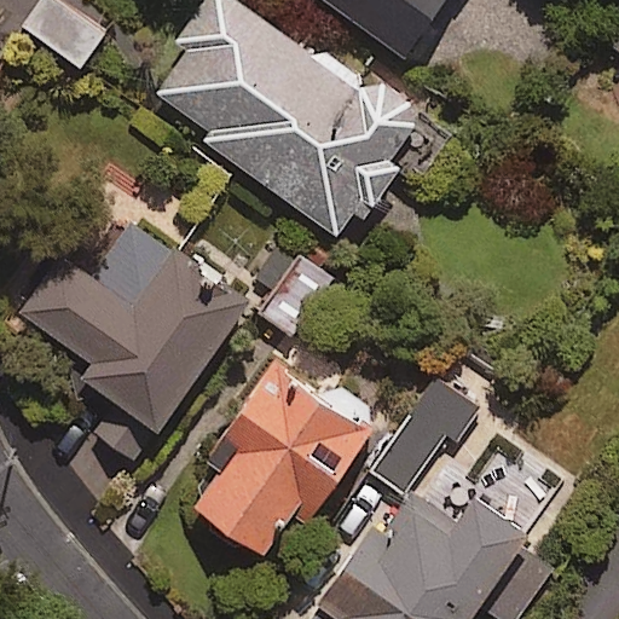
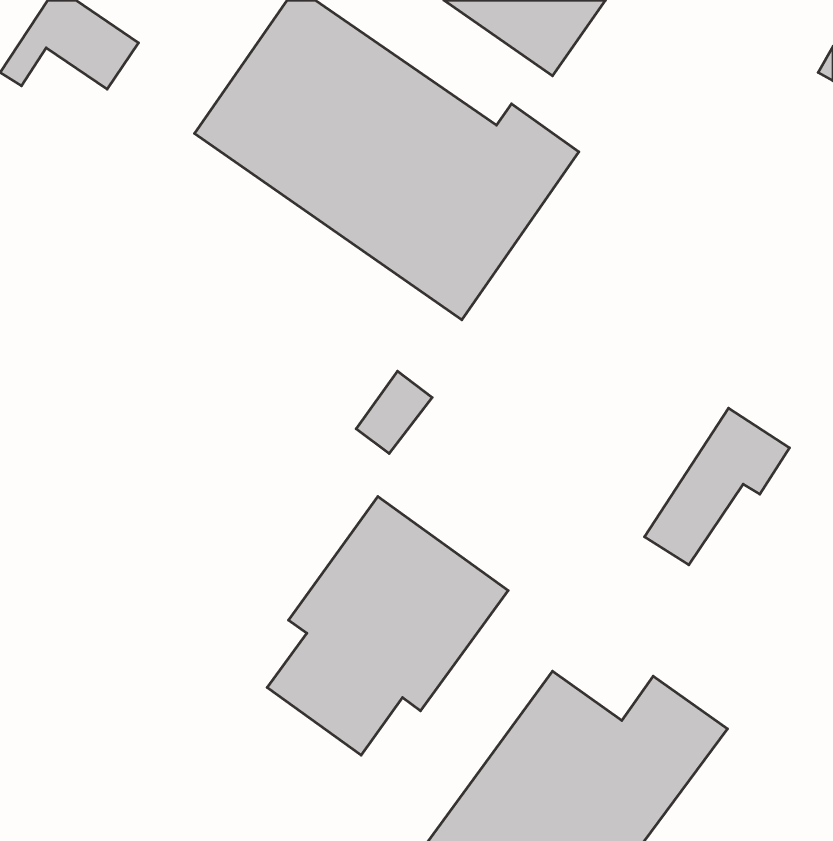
building: [21,224,247,430] -> none
building: [369,380,475,494] -> [644,408,789,565]

